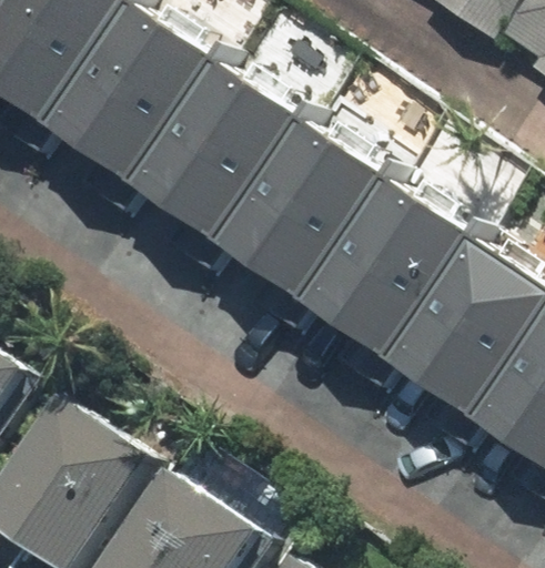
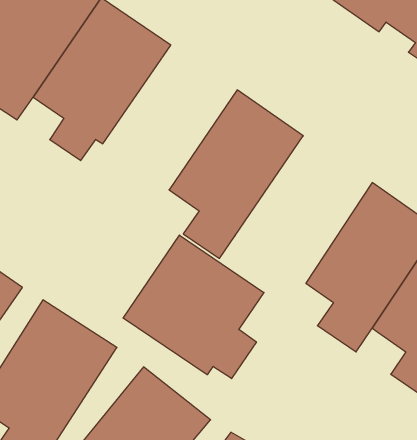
building: [149,67,317,276] -> none
building: [315,181,487,388] -> none
building: none -> [123,235,264,379]

